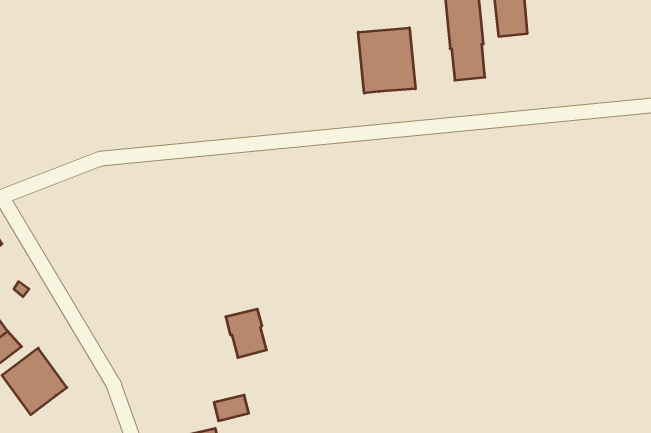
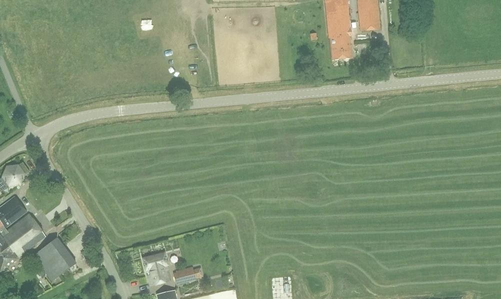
building: [358,28,415,93] -> none
building: [226,309,267,358] -> [143,252,170,284]

